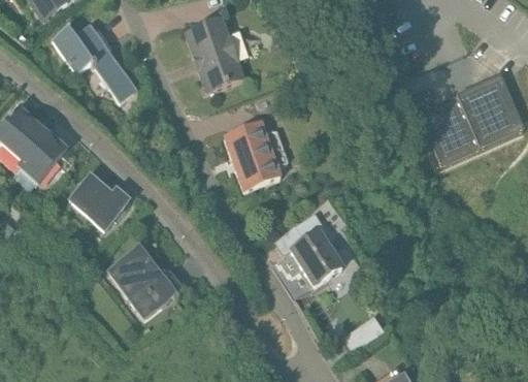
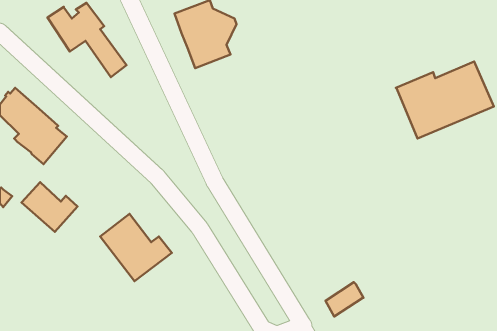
building: [225,123,287,189] -> none
building: [69,174,128,227] -> [22,182,77,232]
building: [291,212,341,285] -> none

